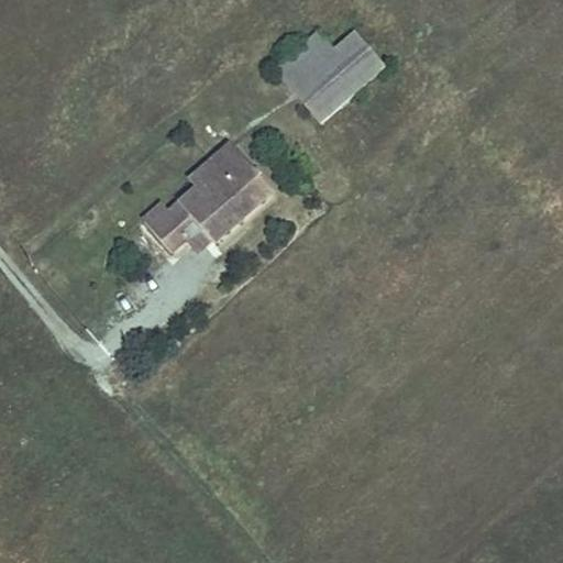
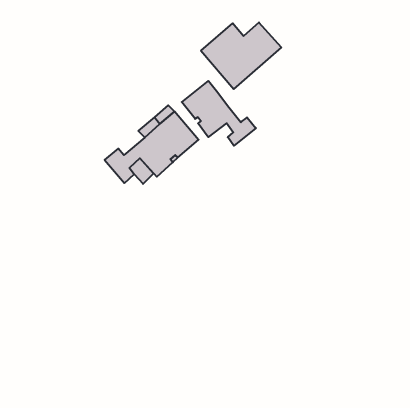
building: none -> [182,81,256,146]

